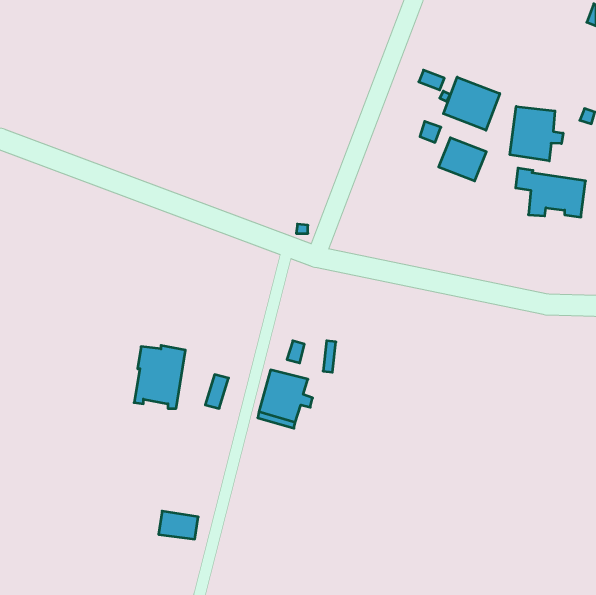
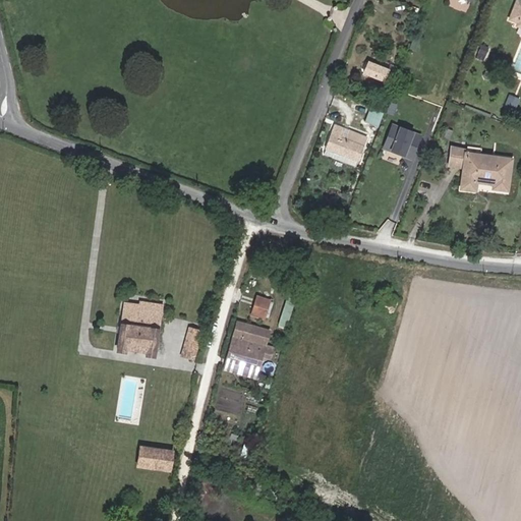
building: [443,77,500,130] -> none
building: [510,106,563,161] -> none
building: none -> [327,125,366,158]

